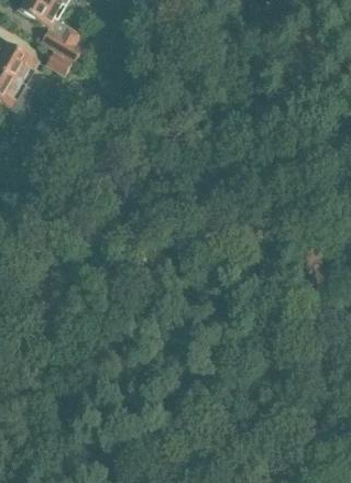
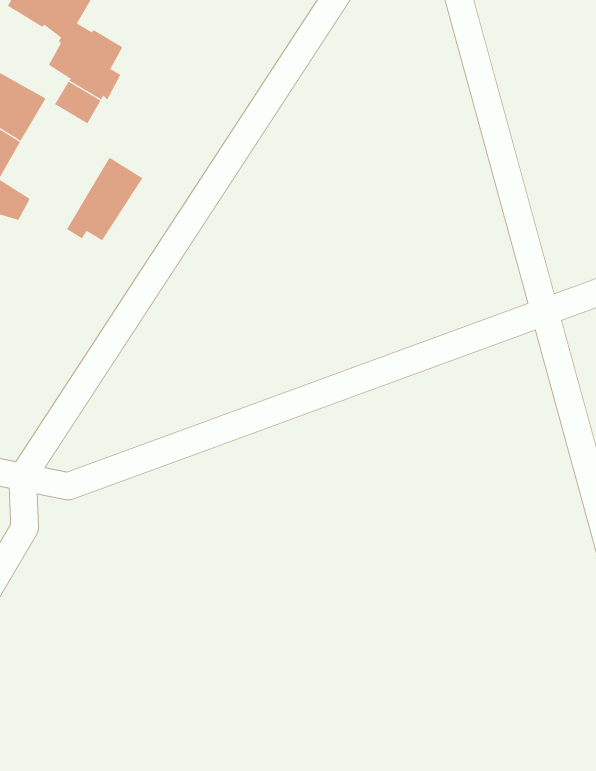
building: none -> [66,157,143,241]

